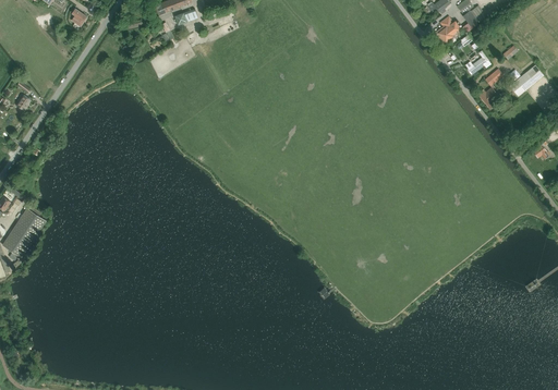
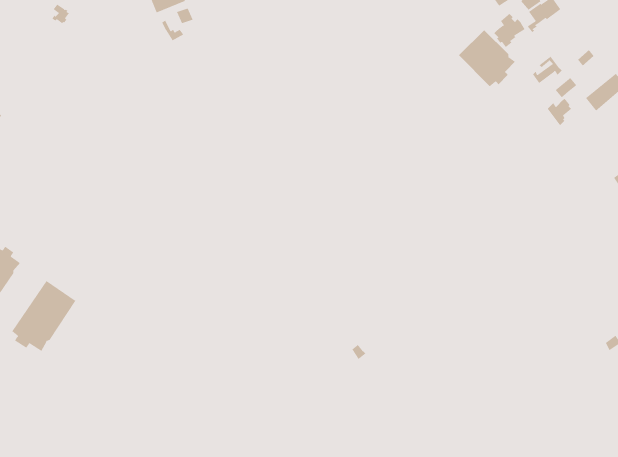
building: none -> [458,30,516,87]
building: none -> [12,280,76,352]

